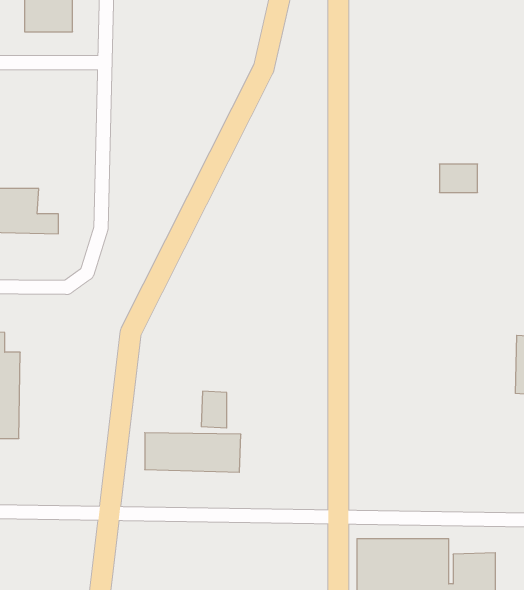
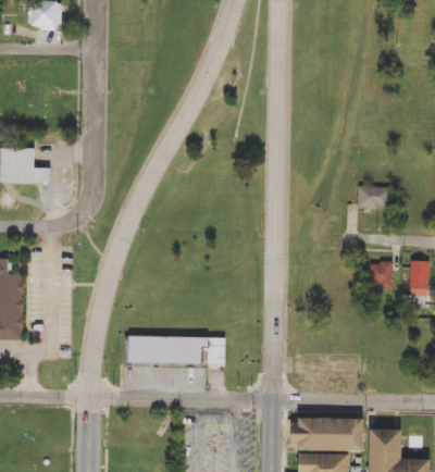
building: [439,164,478,192] -> [355,187,384,209]
building: none -> [368,263,390,288]
building: [201,391,227,428] -> [202,337,222,365]

